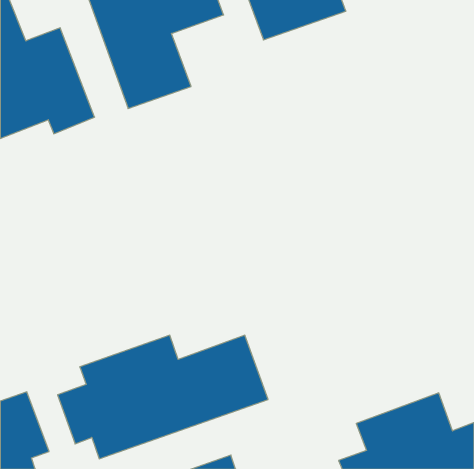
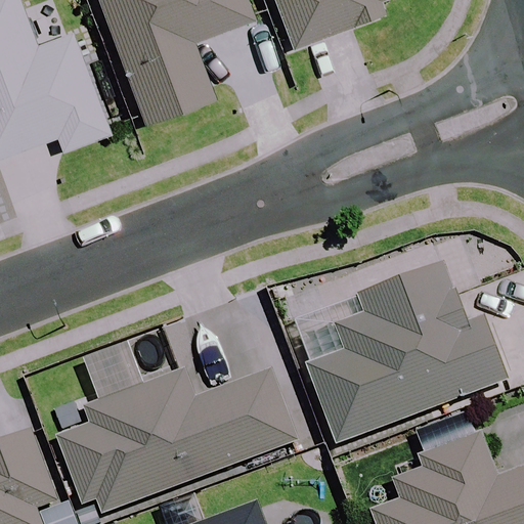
building: none -> [309,266,505,441]

